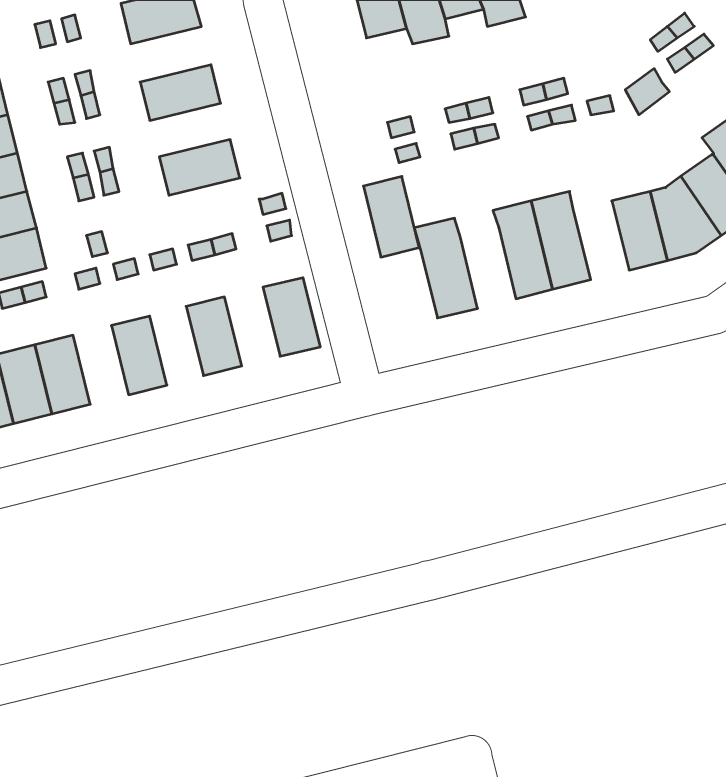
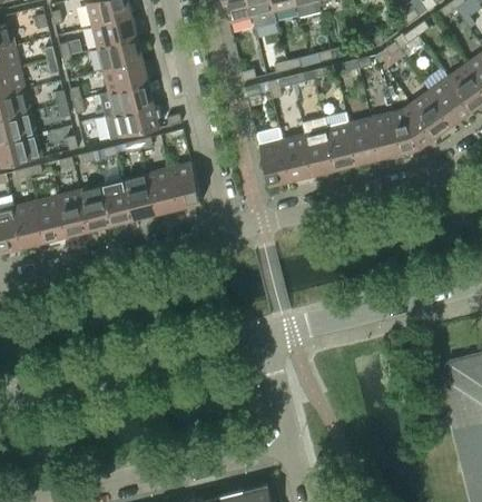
building: none -> [91,17,138,49]
building: none -> [102,61,149,92]
building: [363,176,419,257] -> [283,134,315,180]
building: none -> [105,105,160,140]
building: none -> [348,118,381,164]
building: none -> [146,168,178,214]
building: none -> [102,179,134,225]
building: none -> [58,190,90,236]

